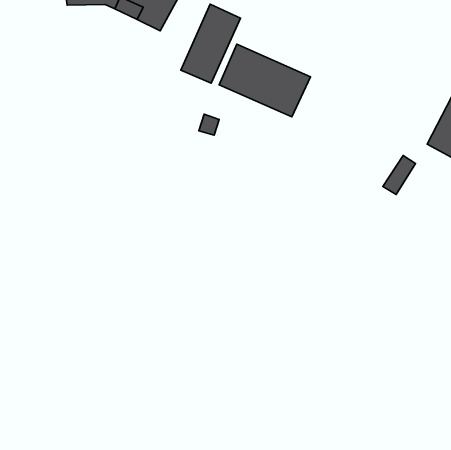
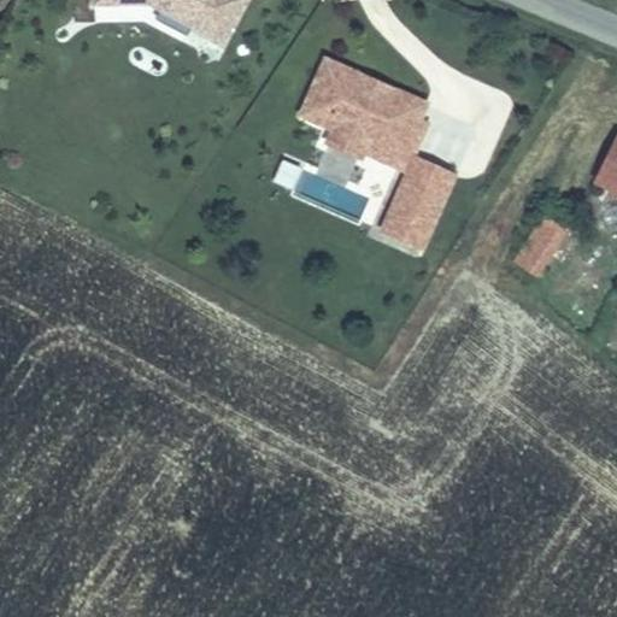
building: [181,4,241,83] -> none
building: none -> [392,151,460,236]

